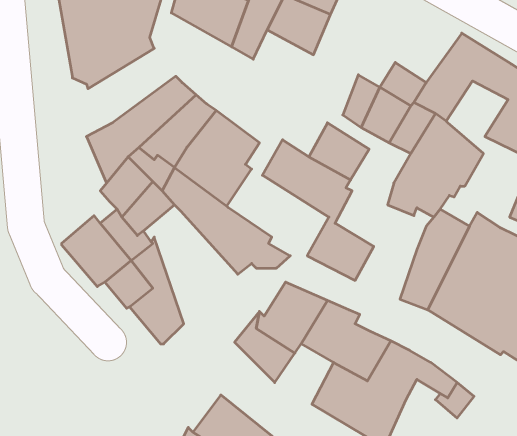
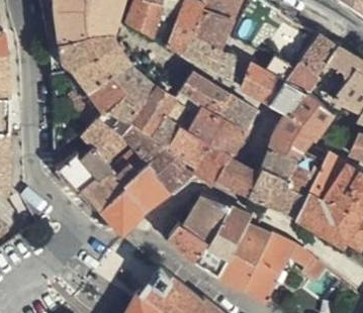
building: none -> [181,31,235,79]
building: none -> [73,43,130,92]
building: none -> [179,70,230,114]
building: none -> [164,122,231,184]
building: none -> [248,145,299,207]
building: none -> [116,149,171,223]
building: none -> [195,236,234,276]

